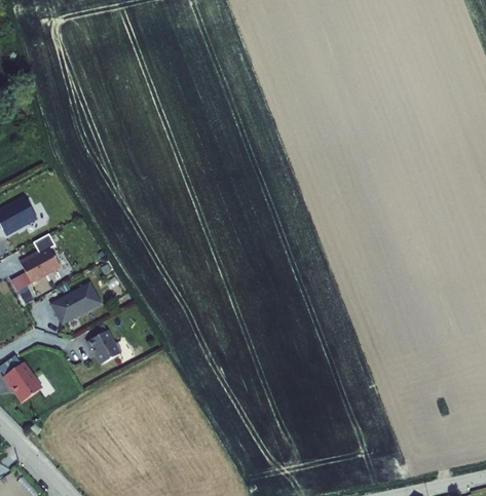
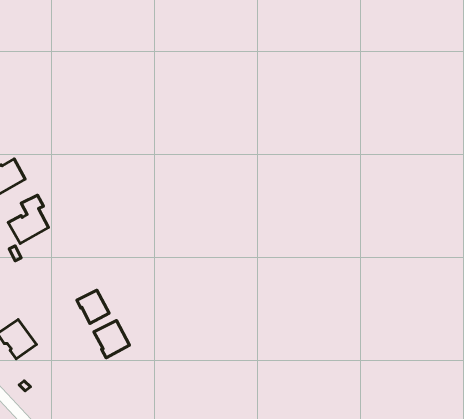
building: [49,283,100,326] -> none
building: none -> [94,320,129,358]

